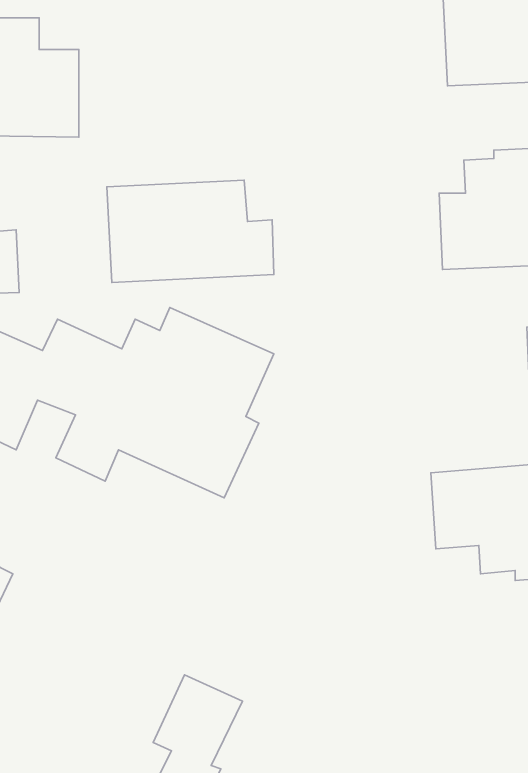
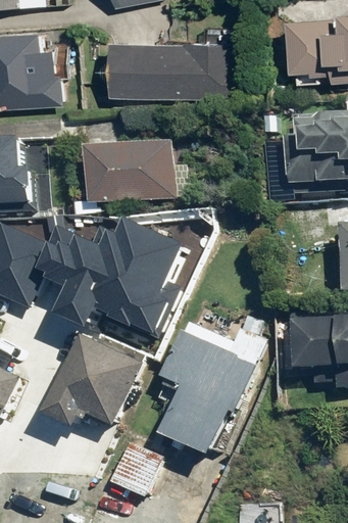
building: none -> [110,38,242,99]
building: none -> [157,331,253,461]
building: none -> [42,332,145,431]

